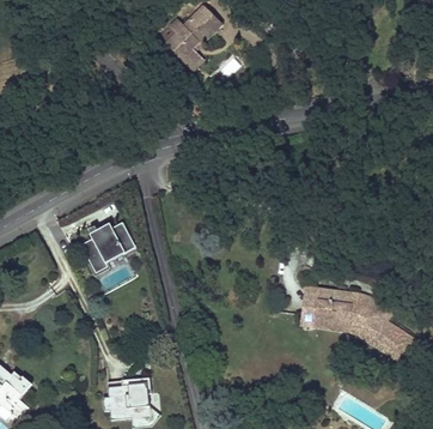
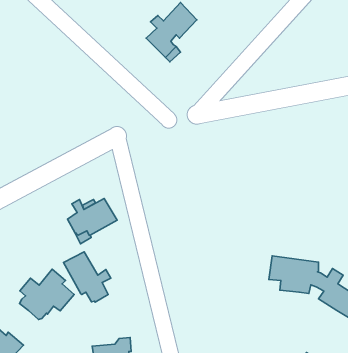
building: none -> [63,252,111,302]
building: none -> [19,269,74,320]

